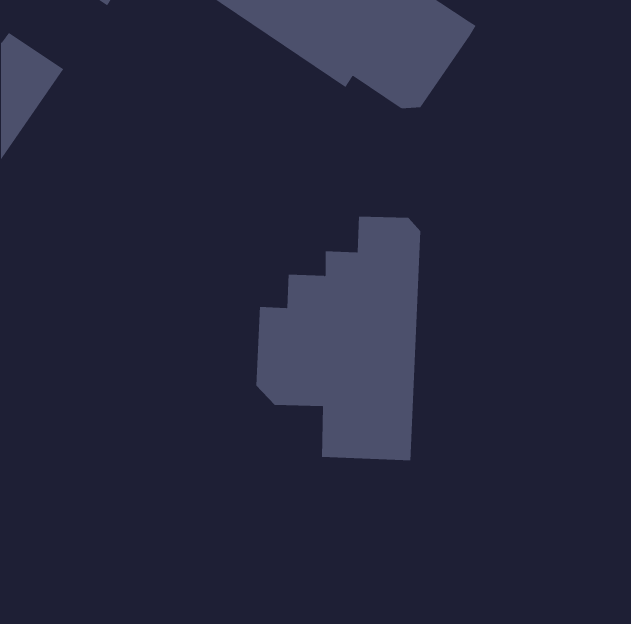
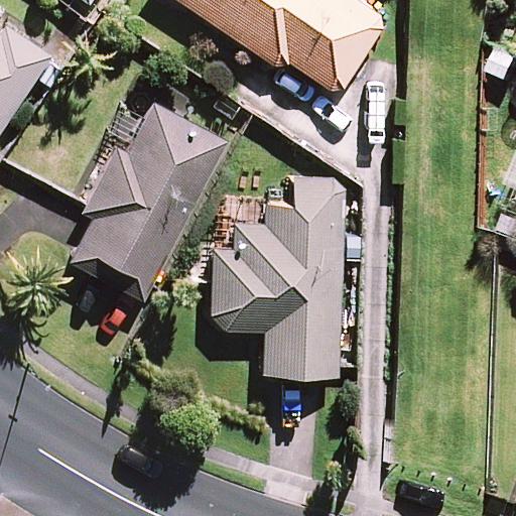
building: none -> [69,102,227,299]

